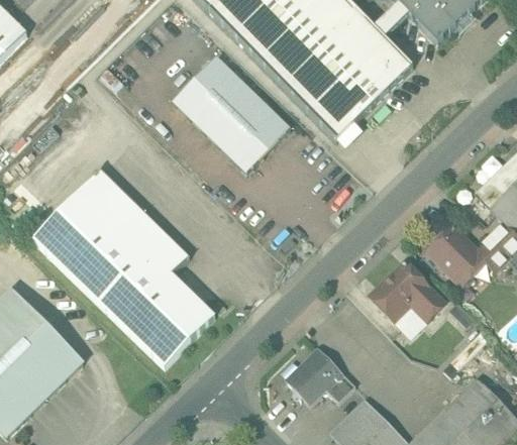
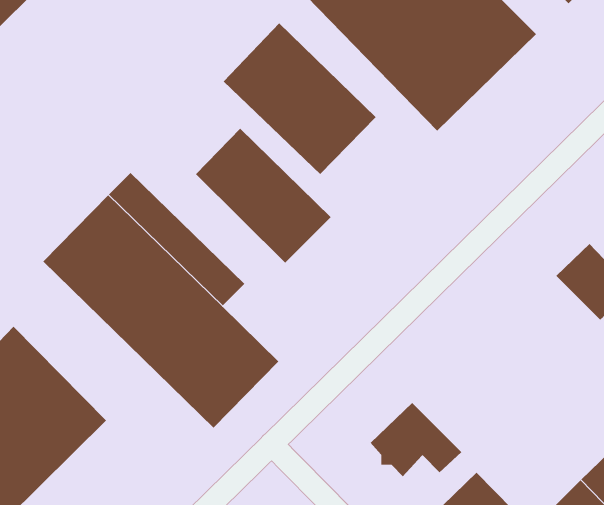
building: none -> [195,128,332,263]
building: [371,261,444,319] -> none

